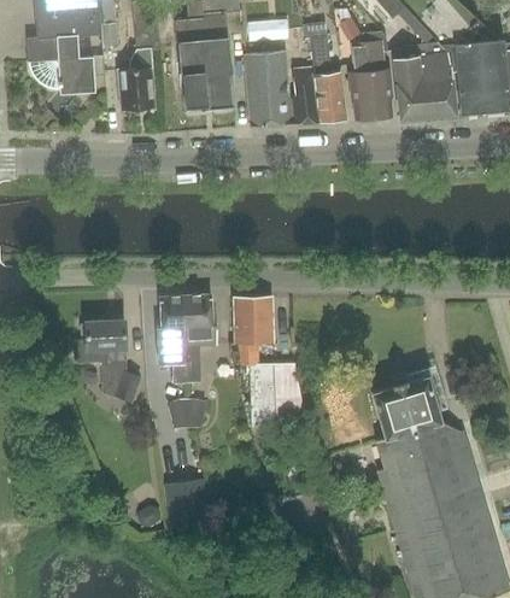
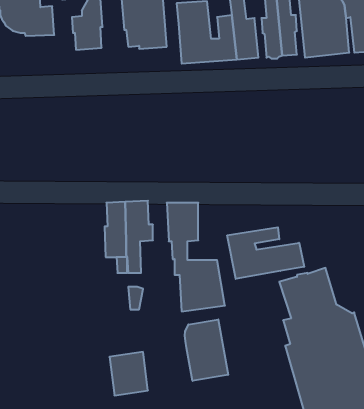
building: [74,319,140,401] -> none
building: none -> [227,227,304,279]
building: none -> [185,319,228,381]

